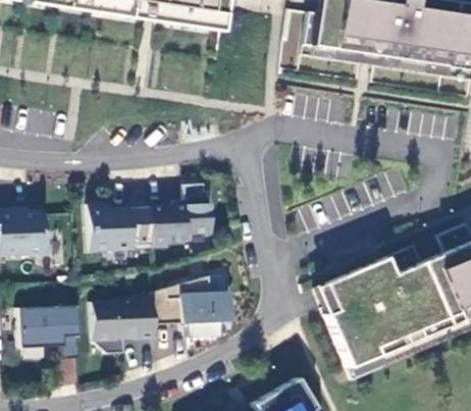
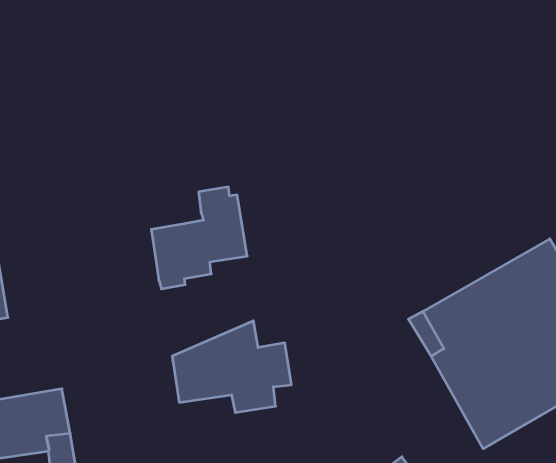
building: [89,204,151,251] -> none
building: [93,296,156,354] -> none

